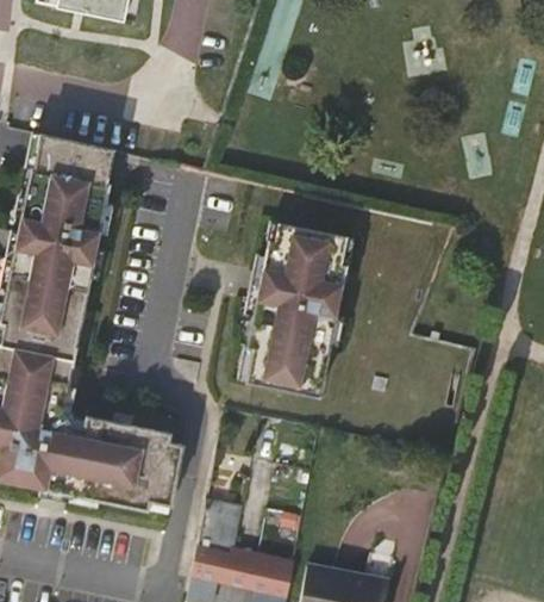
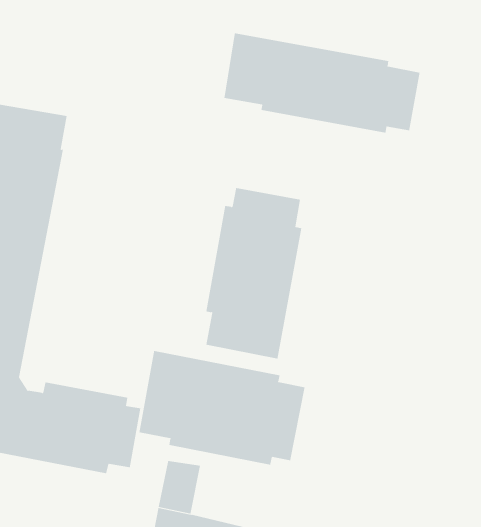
building: none -> [224,32,420,133]
building: none -> [139,350,305,466]

